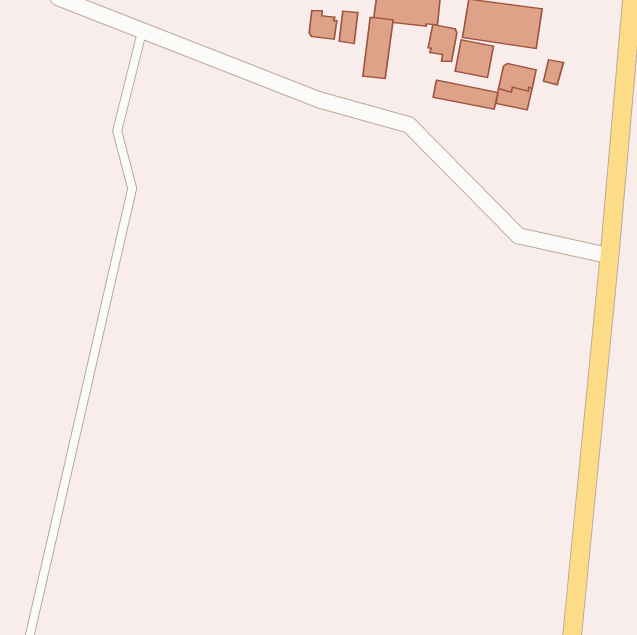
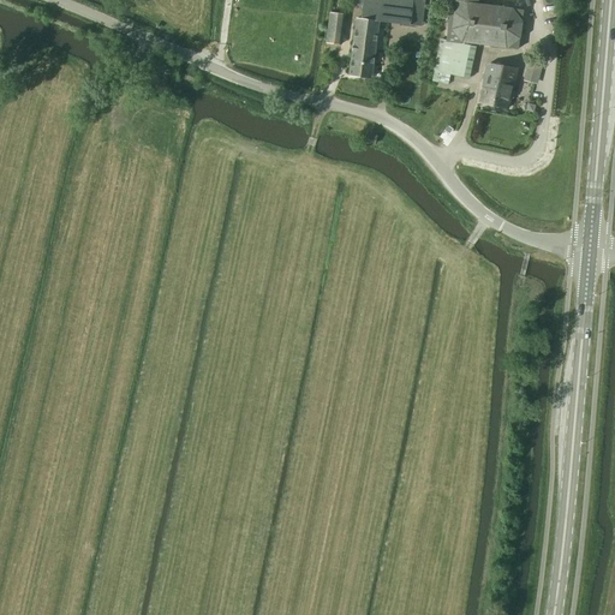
building: [309,11,337,39] -> none
building: [428,24,457,62] -> none
building: [433,80,498,109] -> none

